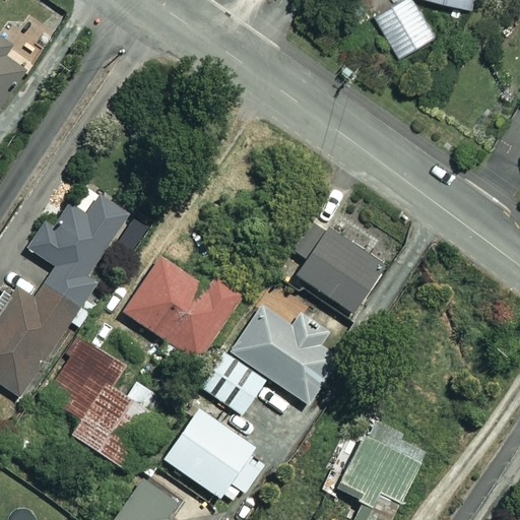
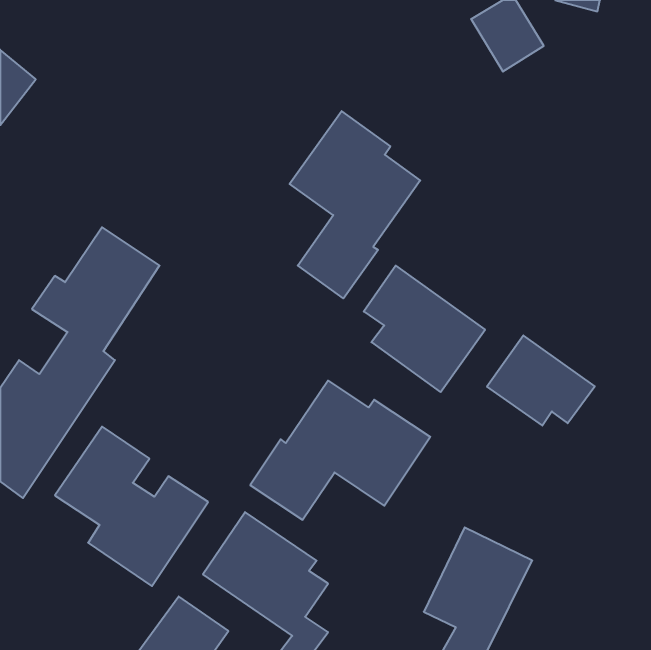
building: none -> [290,111,420,298]
building: [123,256,241,361] -> none
building: none -> [487,335,595,426]

